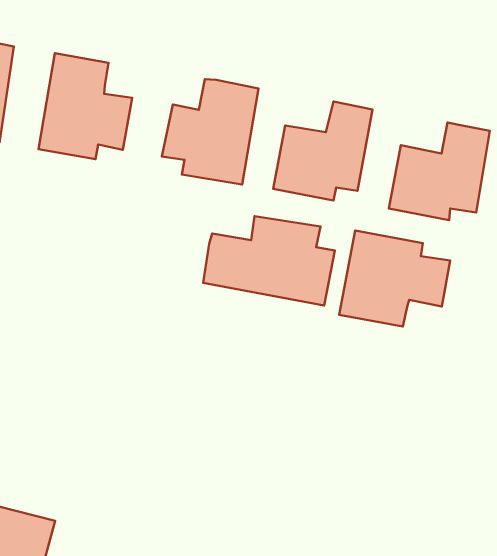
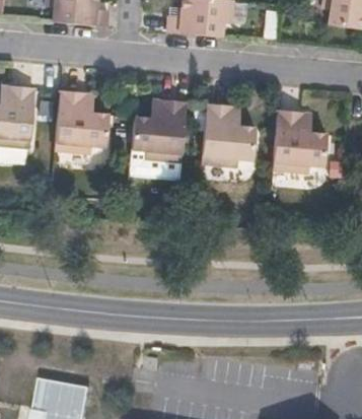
building: [203,216,335,306] -> none
building: [339,230,450,327] -> none

